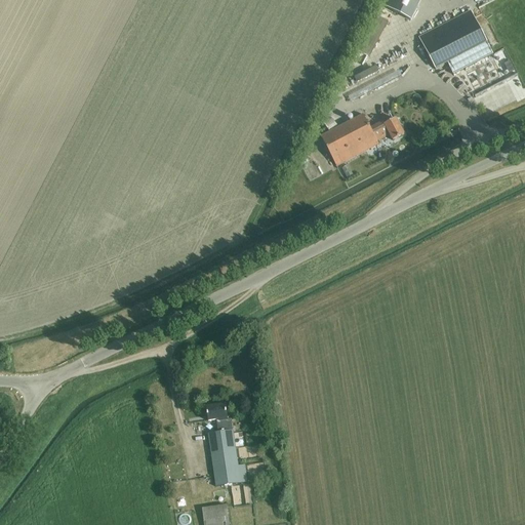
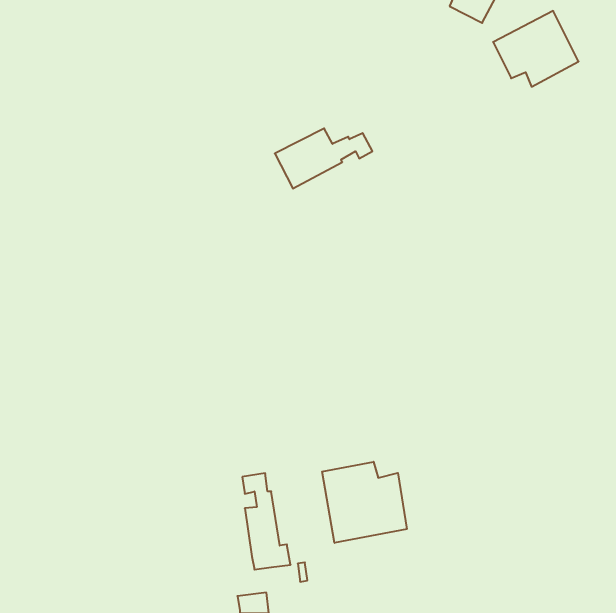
building: [321,114,404,165] -> [275,128,372,189]
building: none -> [322,462,407,543]

